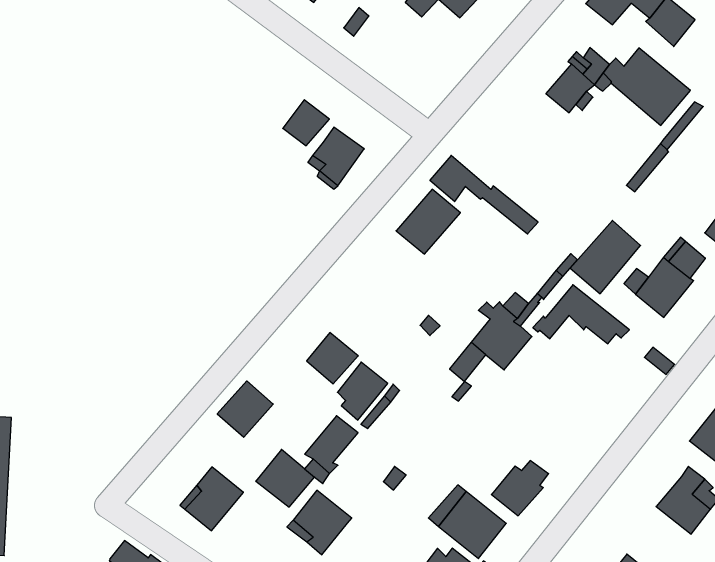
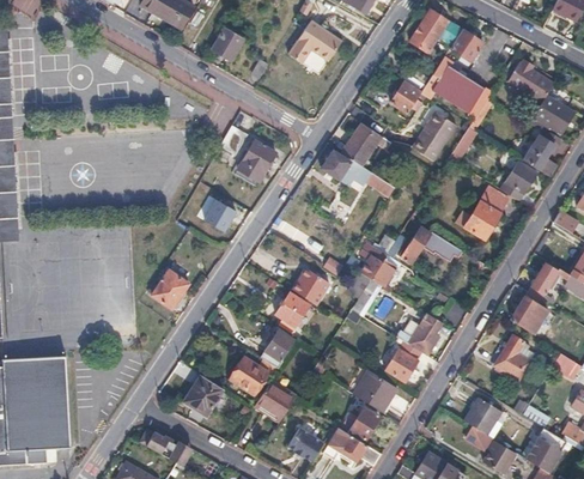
building: [396,189,460,254] -> [340,122,381,165]
building: none -> [205,199,236,231]
building: [570,220,641,294] -> [410,111,455,160]
building: [307,333,358,384] -> [296,269,329,303]
building: [217,381,273,437] -> [152,269,188,307]
building: none -> [393,313,440,356]

